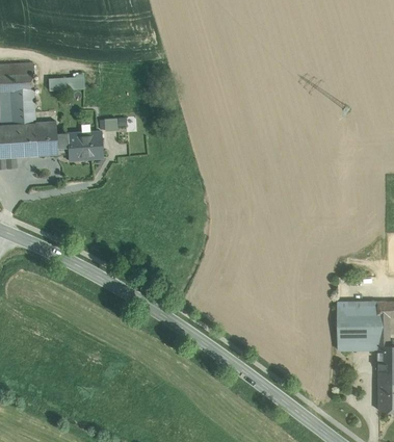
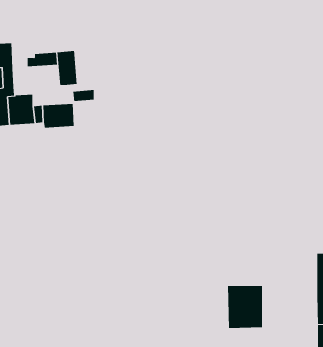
building: none -> [57,50,77,86]
building: [337,302,377,350] -> [227,285,263,328]

